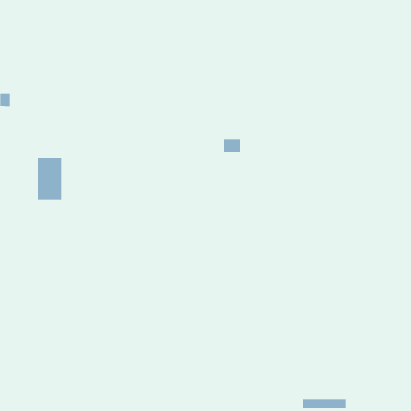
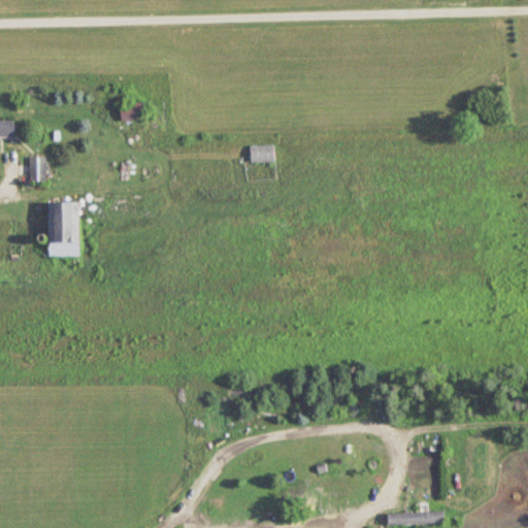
building: none -> [30,157,46,183]
building: [223,139,241,153] -> [251,145,273,163]

